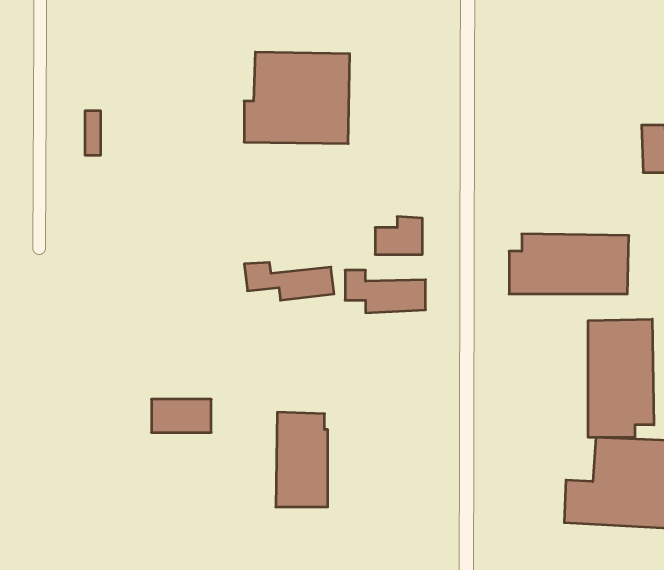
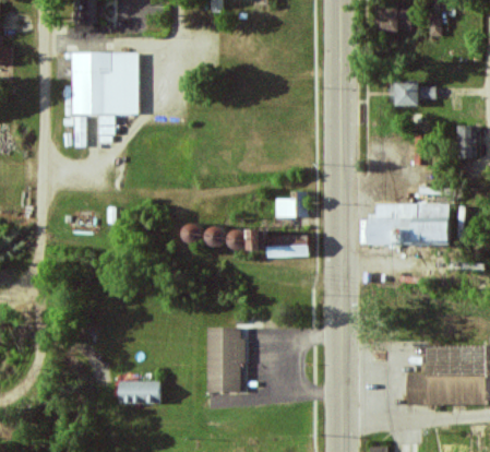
building: [244,52,350,144] -> [65,52,139,116]
building: none -> [390,82,435,106]
building: [588,319,654,437] -> none
building: [151,399,211,432] -> [119,380,160,403]

